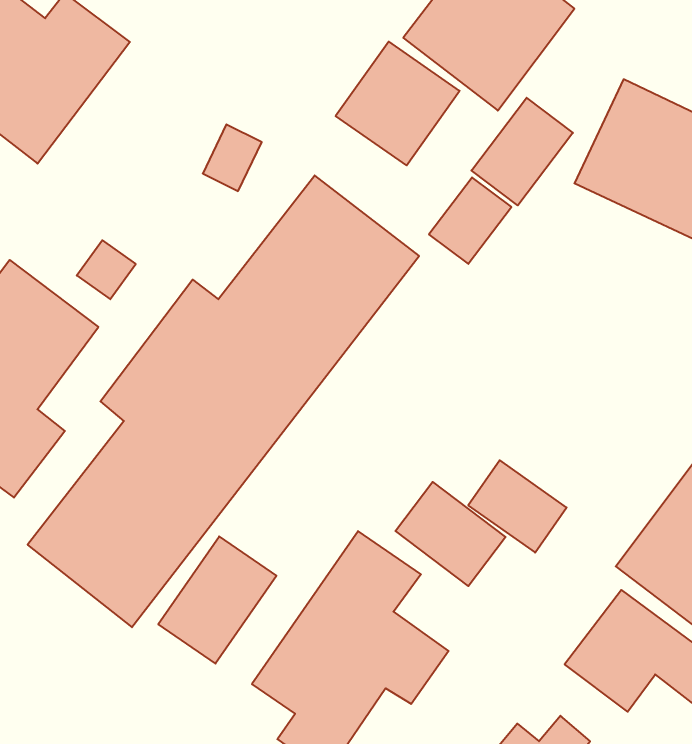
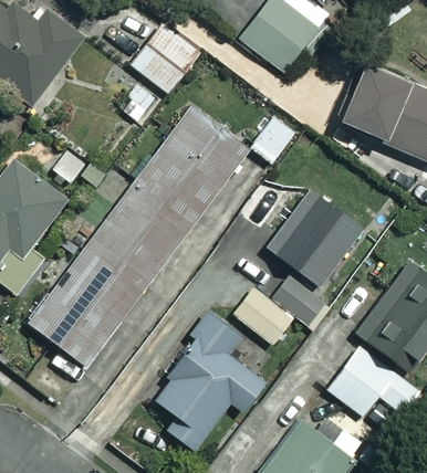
building: [336,42,460,165] -> [132,24,201,94]
building: [471,98,573,205] -> none
building: none -> [265,191,361,287]
building: [158,536,276,664] -> none

